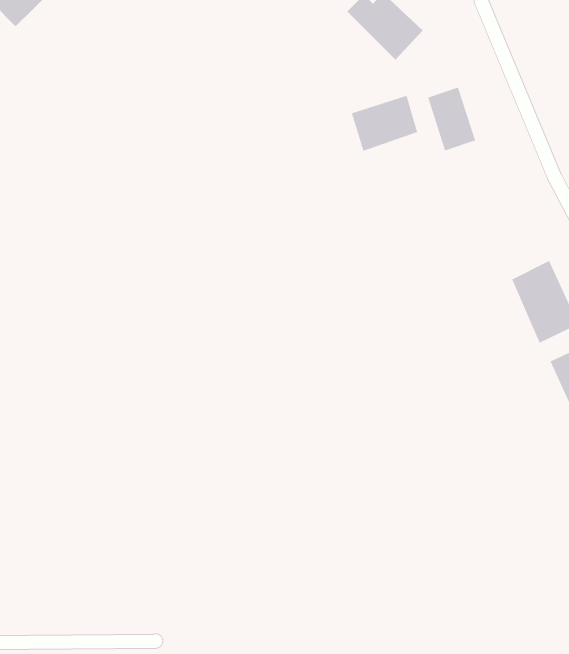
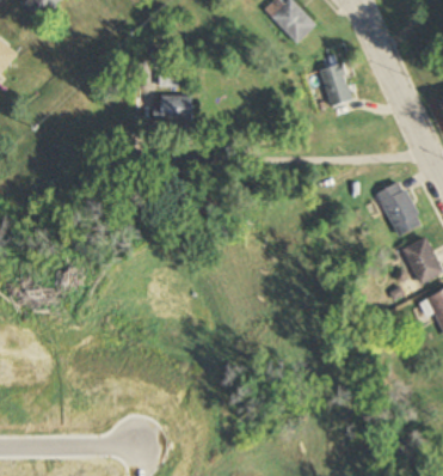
building: [351,95,418,152] -> none
building: none -> [153,94,192,120]

